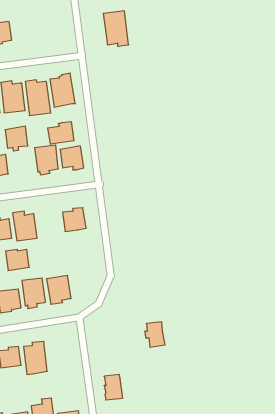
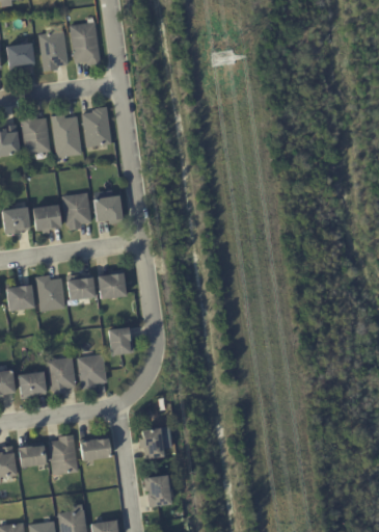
building: [103,11,129,46] -> [70,21,101,64]
building: none -> [38,30,69,70]
building: [48,122,74,144] -> none
building: [5,126,28,151] -> [32,204,60,234]
building: [6,249,29,271] -> [65,274,94,300]
building: none -> [108,326,134,354]
building: [145,322,165,347] -> [139,427,164,458]
building: none -> [79,435,110,460]

